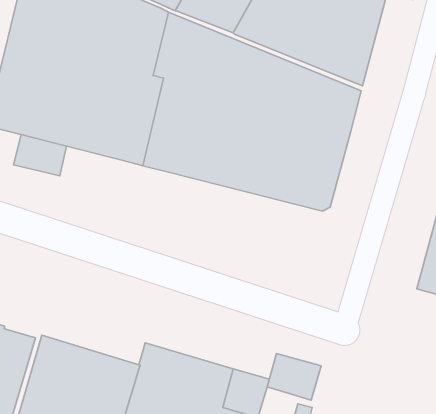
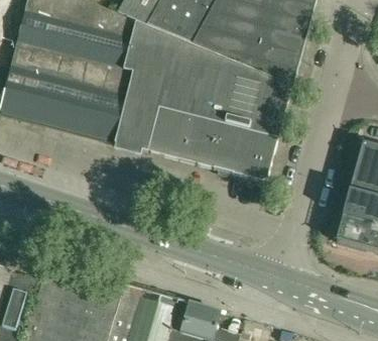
building: [14,135,67,176] -> none
building: [267,354,321,400] -> none

